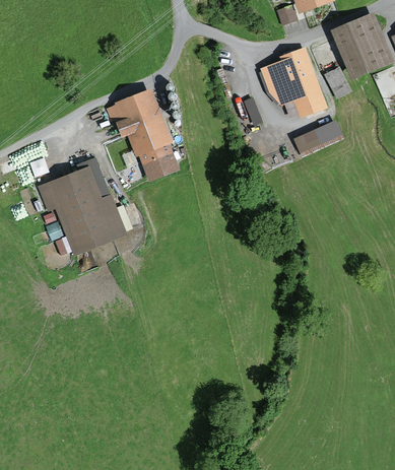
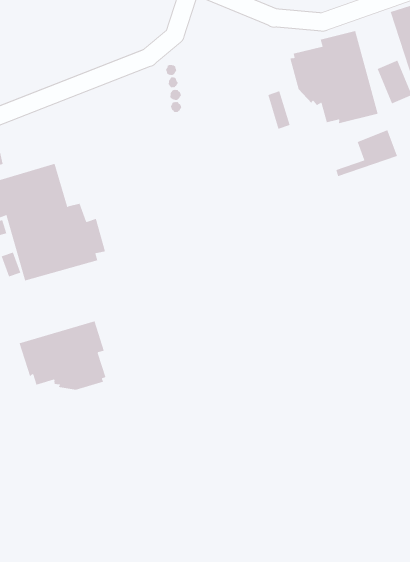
building: [106,87,180,182] -> none
building: none -> [19,320,106,391]

